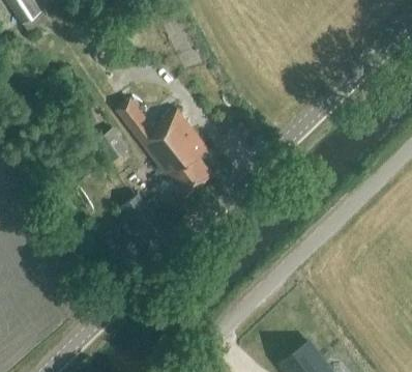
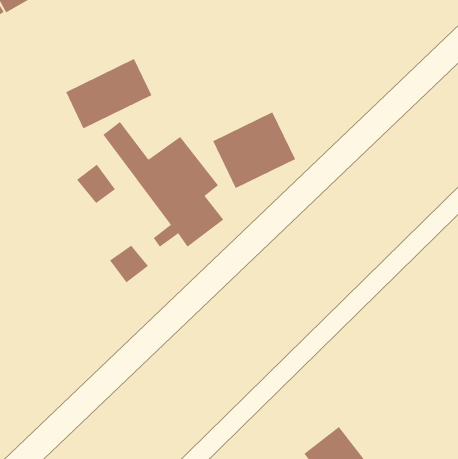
building: none -> [65,58,152,129]
building: none -> [212,111,296,189]

